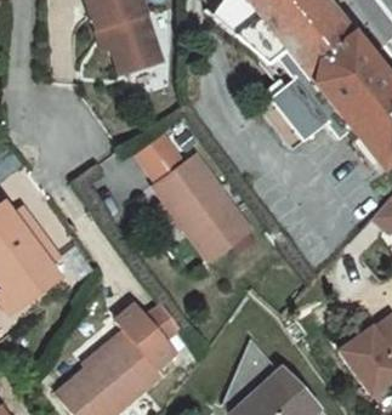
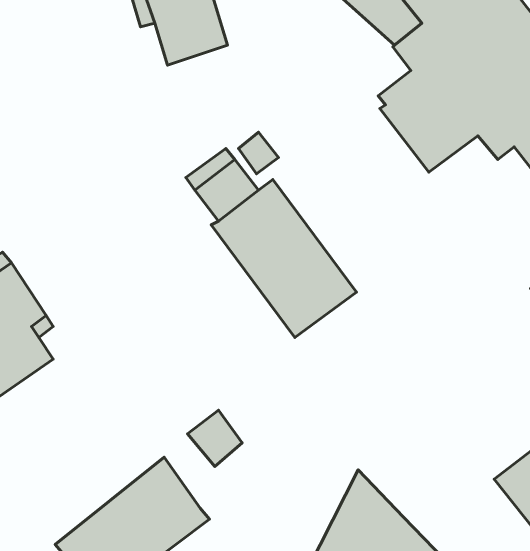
building: [112,309,166,373] -> none

